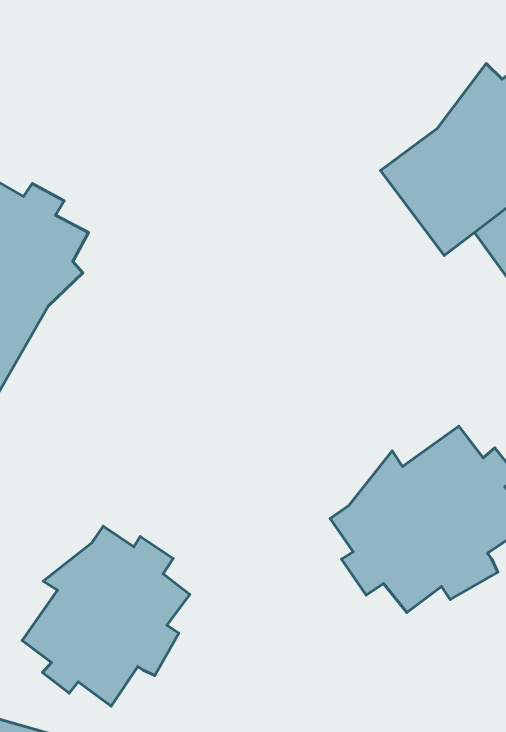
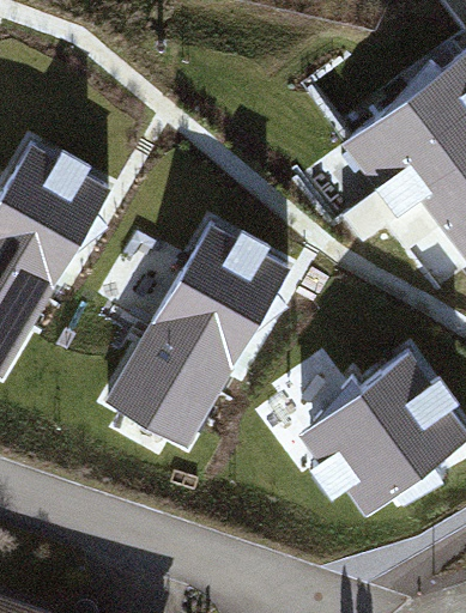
building: none -> [107,224,289,450]
building: [22,526,190,706] -> none

